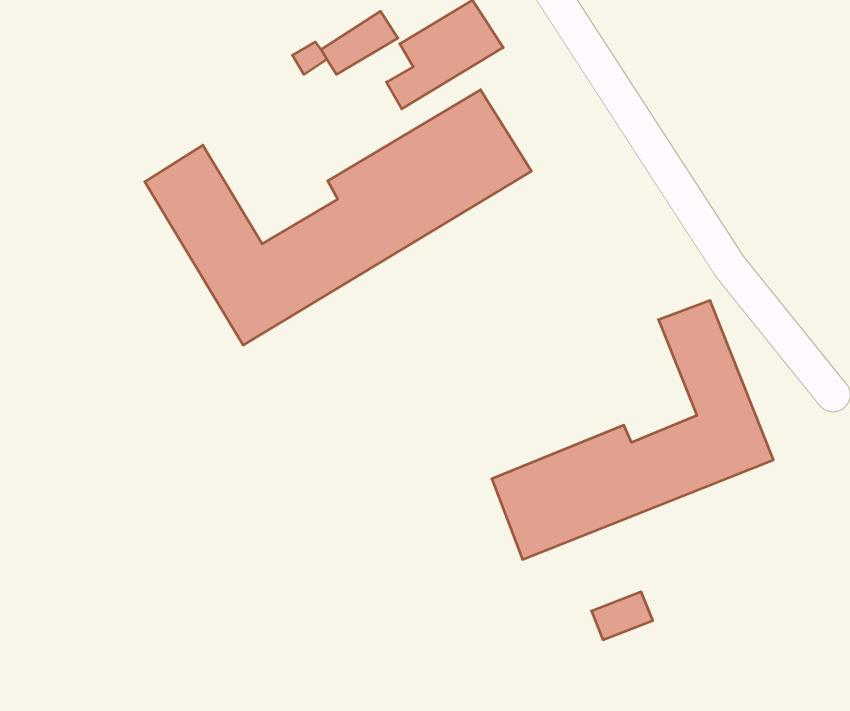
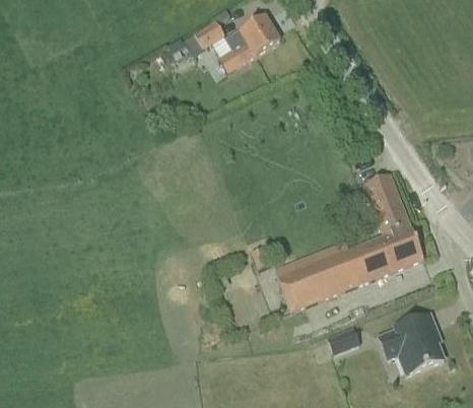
building: [145,90,531,345] -> none
building: none -> [379,313,445,371]

